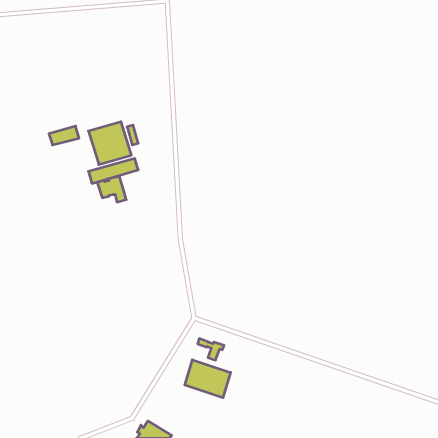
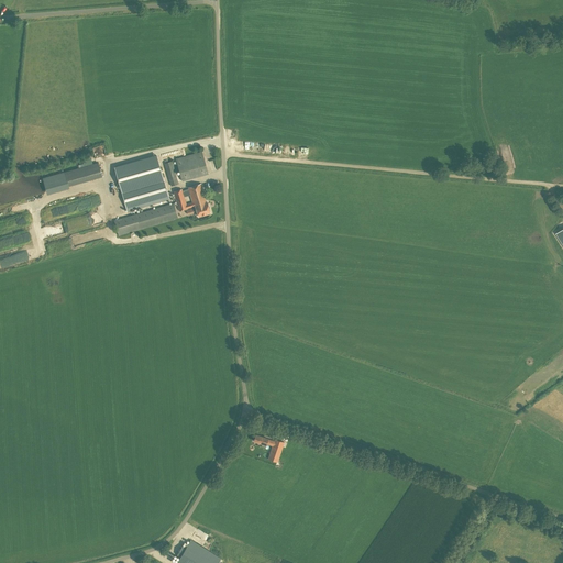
building: none -> [175,152,207,179]
building: [97,176,126,202] -> [172,184,209,217]
building: [185,360,231,398] -> none

